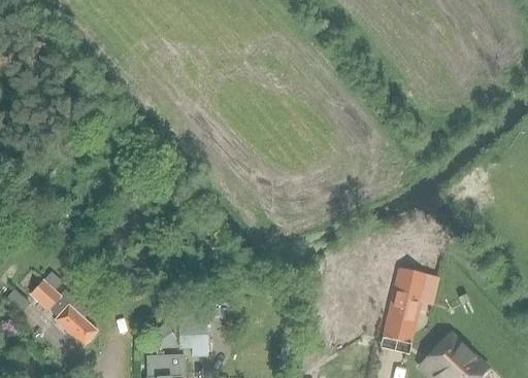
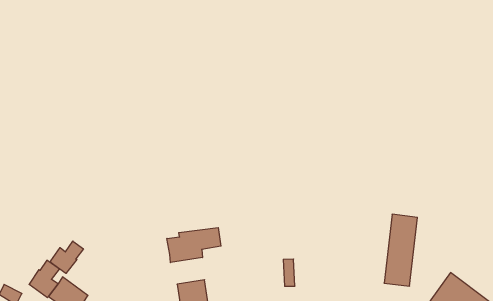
building: none -> [50,241,83,273]
building: none -> [167,228,221,263]

